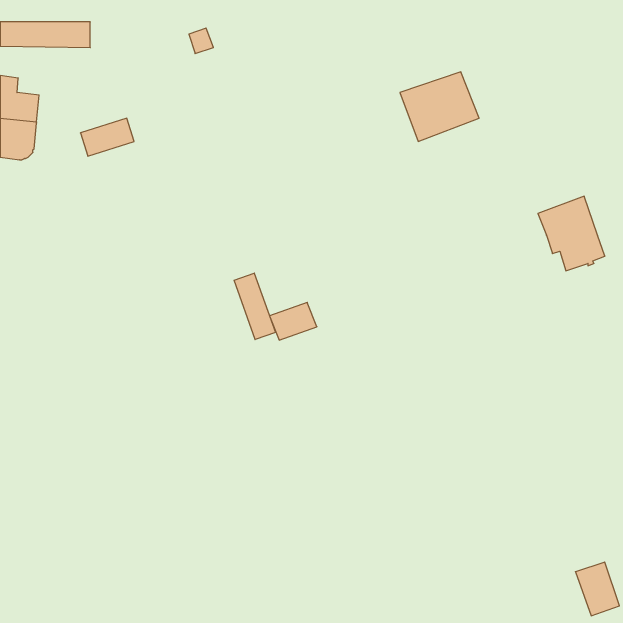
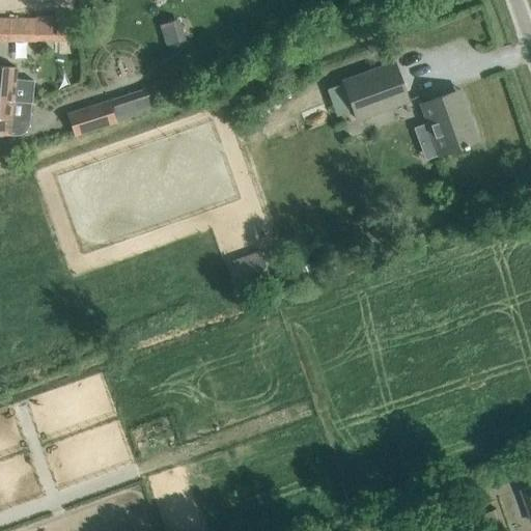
building: none -> [111,86,160,120]
building: [538,196,605,271] -> [420,89,477,152]
building: [234,273,275,340] -> none

